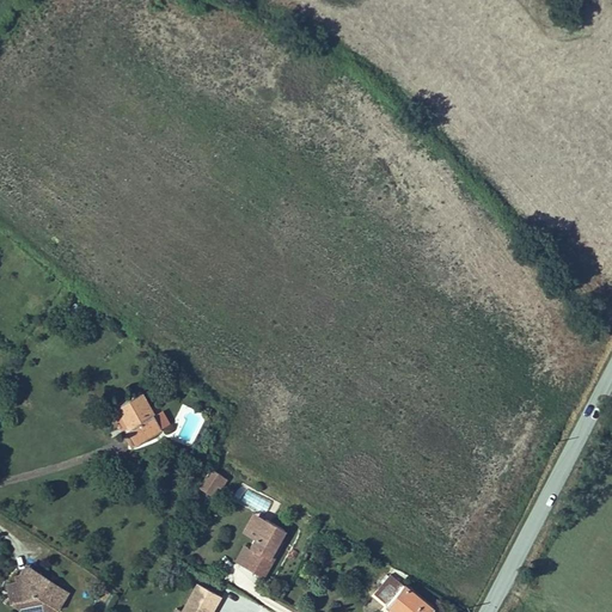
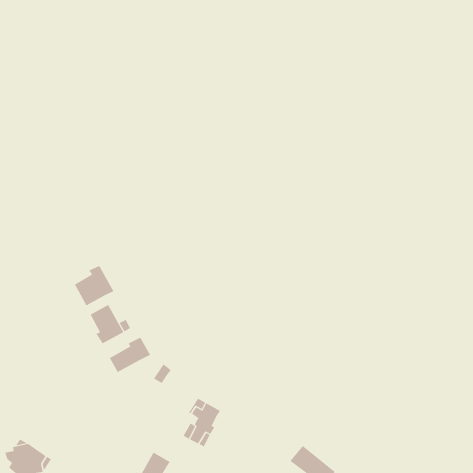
building: none -> [74,265,114,306]
building: none -> [109,337,151,373]

